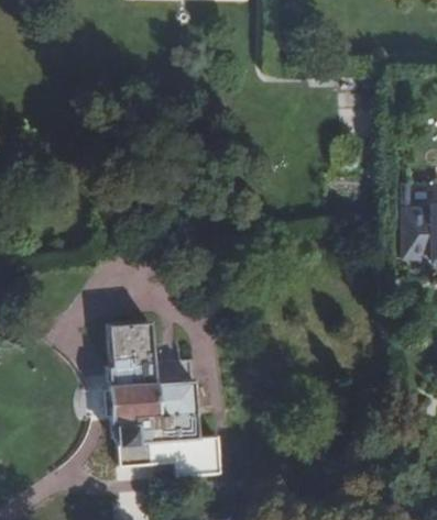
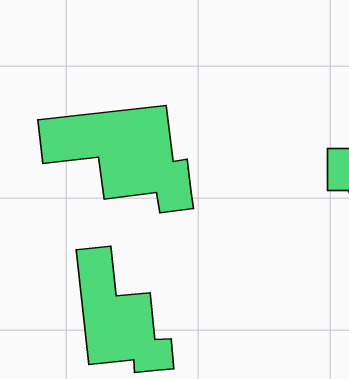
building: none -> [38,105,194,213]

